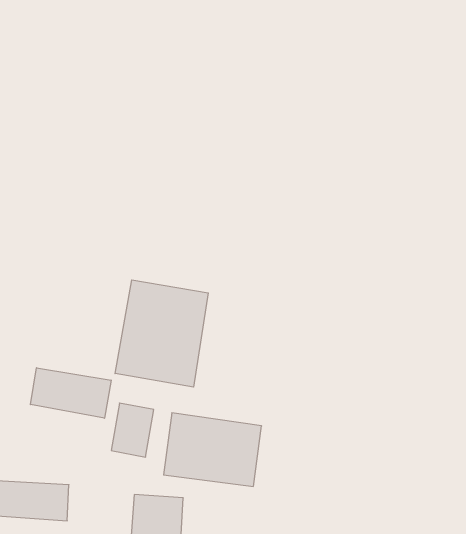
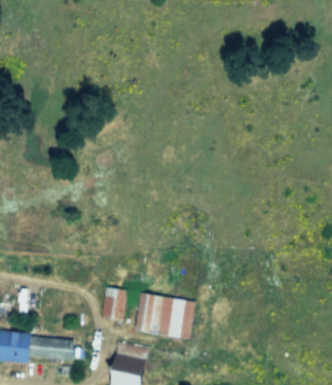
building: [115,280,208,387] -> none
building: [30,368,111,418] -> none

